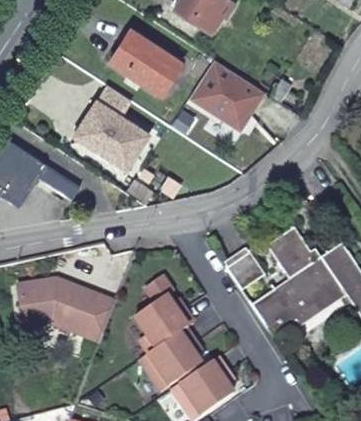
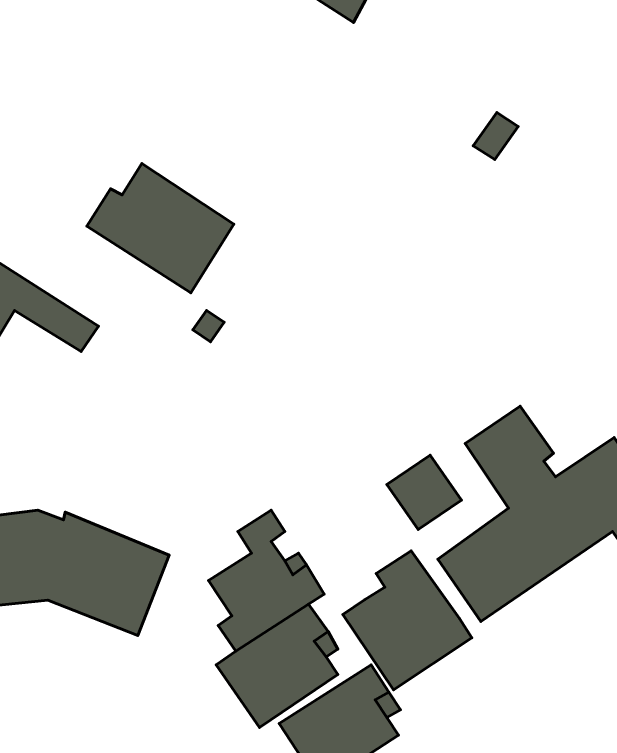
building: [109,28,181,93] -> none
building: [192,59,266,130] -> none
building: none -> [343,551,472,690]

